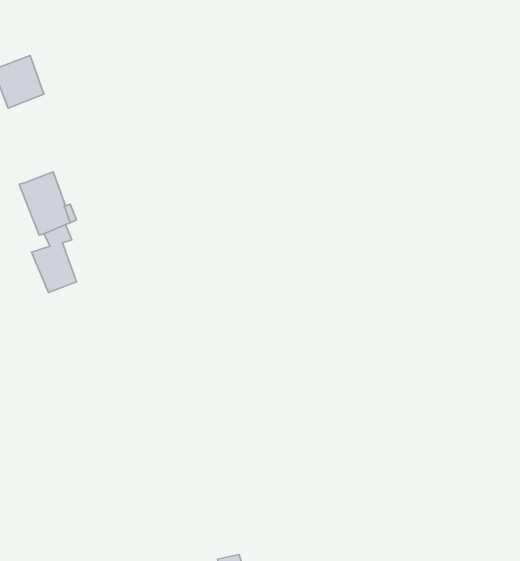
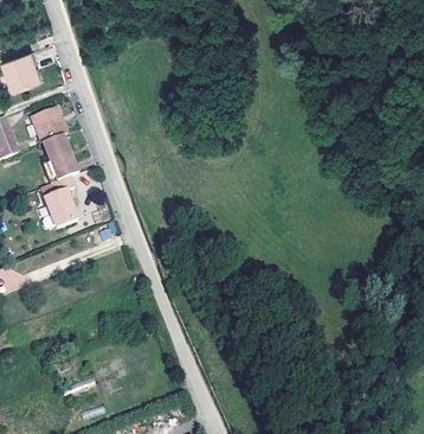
building: none -> [26,107,63,143]

